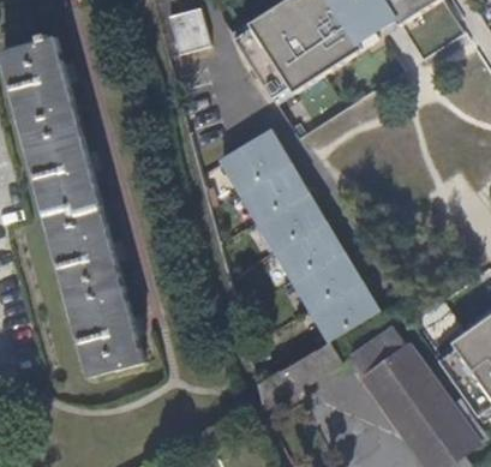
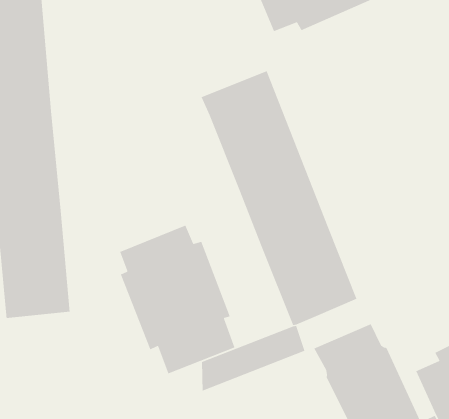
building: none -> [119,224,235,374]

